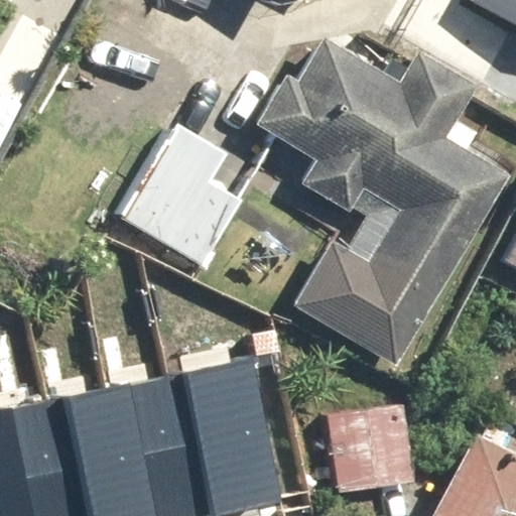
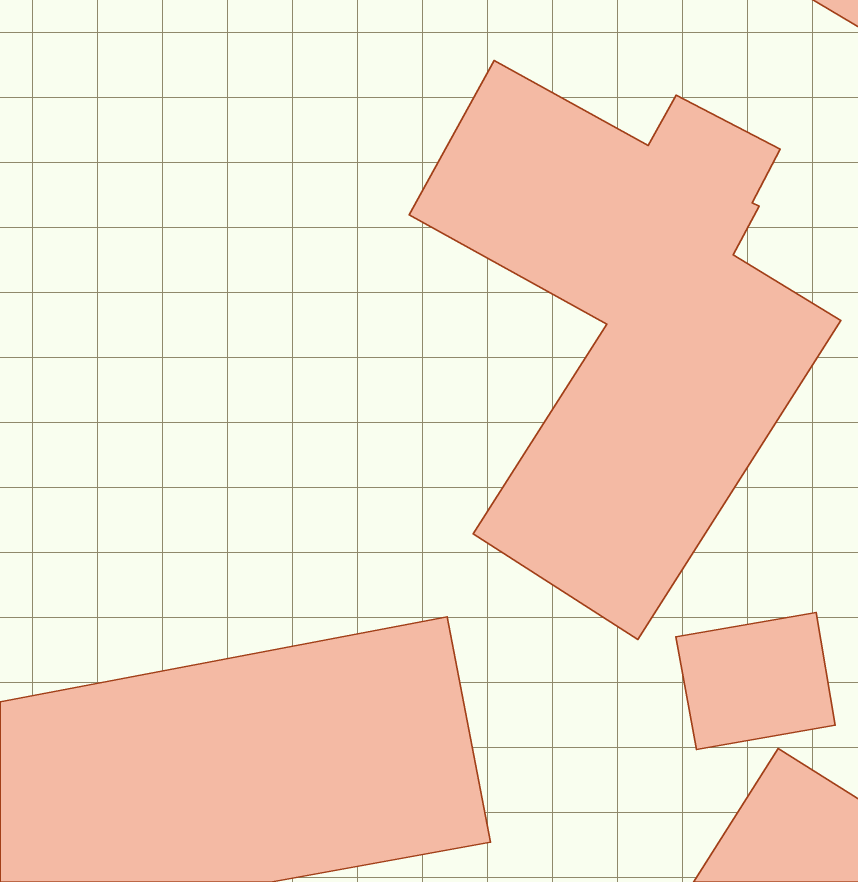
building: [126,128,259,273] -> none
building: [321,406,414,486] -> [676,613,835,750]

